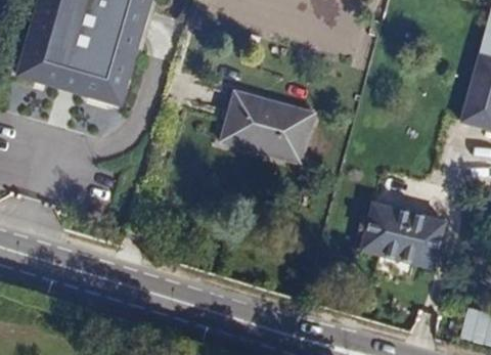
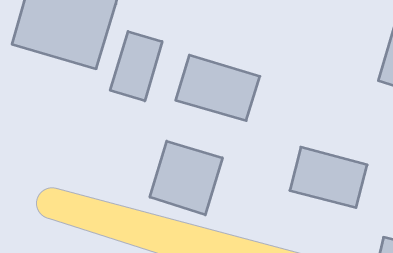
building: none -> [110,31,162,101]
building: none -> [150,141,222,215]

